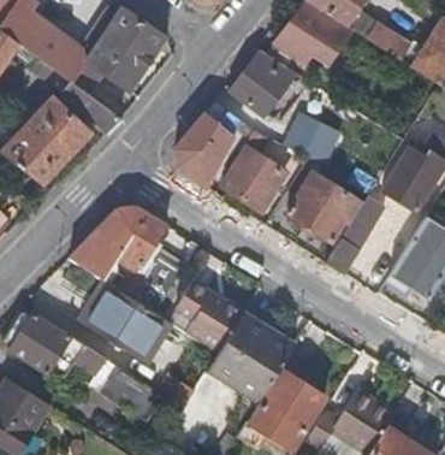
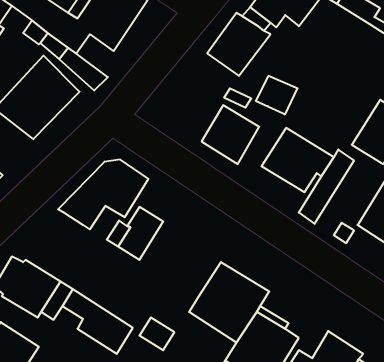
building: [173,100,239,187] -> none
building: [76,283,167,364] -> none
building: [177,284,243,339] -> none

